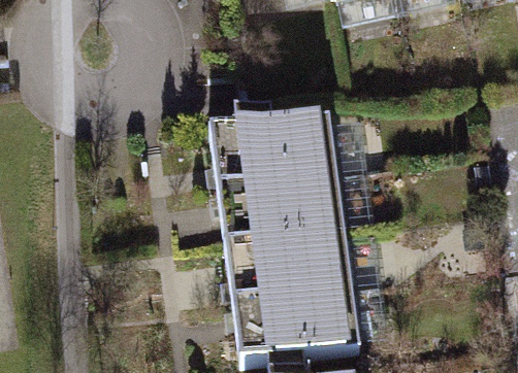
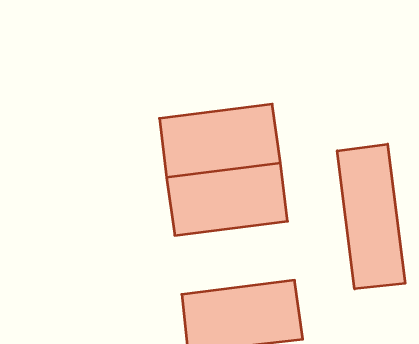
building: none -> [337,144,405,289]
building: [229,240,351,314] -> none

